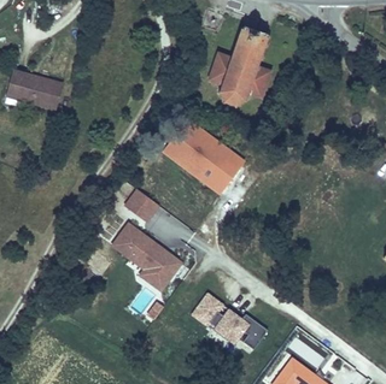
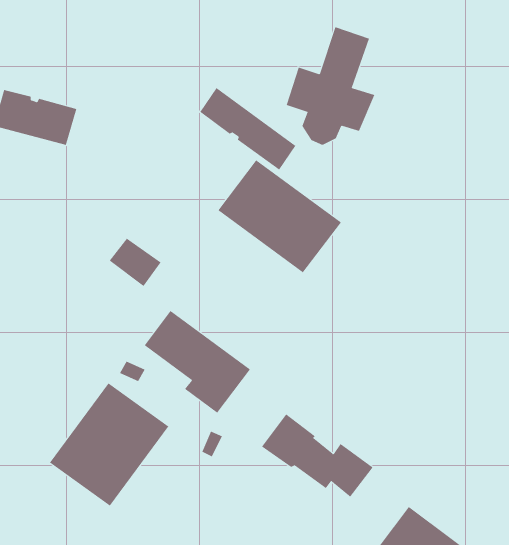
building: none -> [200,87,296,171]
building: [124,188,160,221] -> [109,238,161,287]
building: none -> [49,383,169,506]

